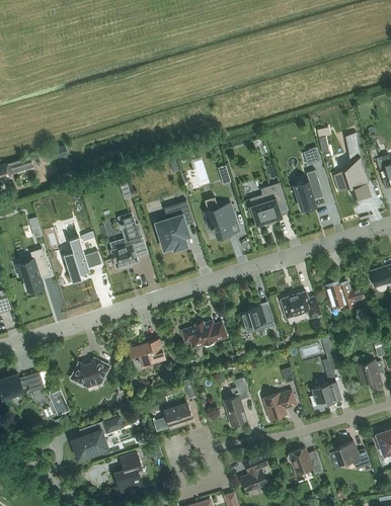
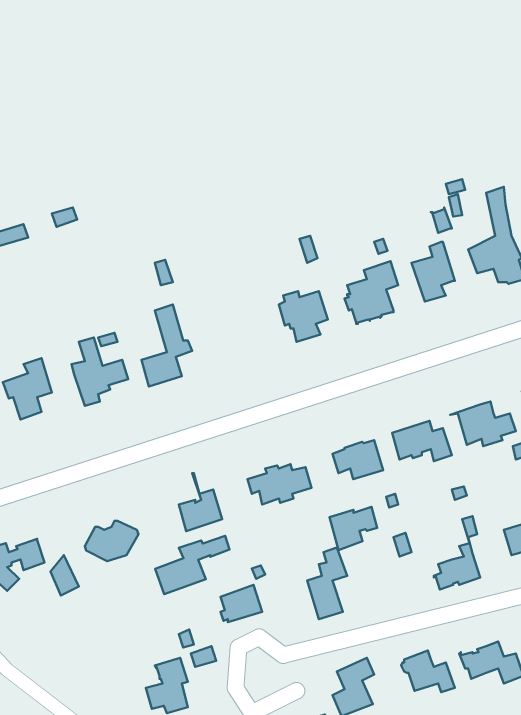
building: [156,200,193,249] -> none
building: [263,391,296,420] -> [330,507,377,550]
building: [72,418,123,457] -> [155,536,230,594]

